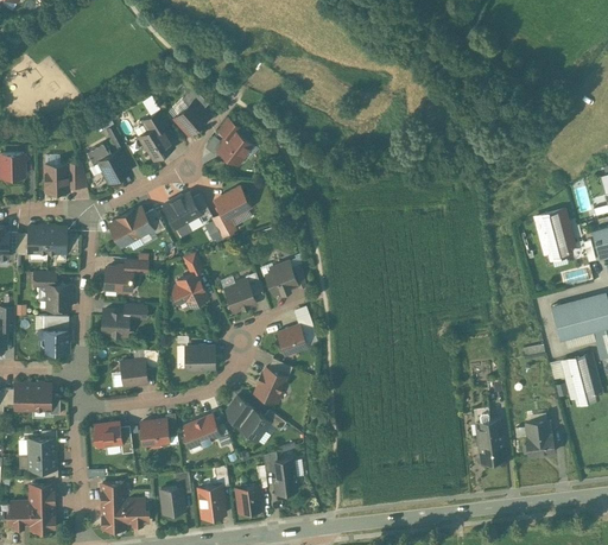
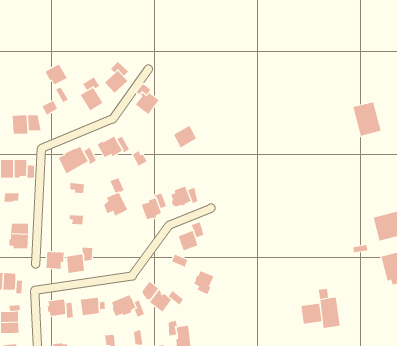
building: [97,152,129,183] -> [45,64,68,86]
building: [215,189,248,221] -> [173,125,197,148]
building: [533,209,574,258] -> [353,102,381,137]
building: [103,268,132,293] -> none
building: [46,286,68,310] -> none
building: [101,311,128,336] -> [45,251,65,269]
building: [184,348,213,372] -> none
building: [255,369,284,404] -> [194,270,214,295]
building: [524,420,553,457] -> none
building: none -> [301,303,322,324]

